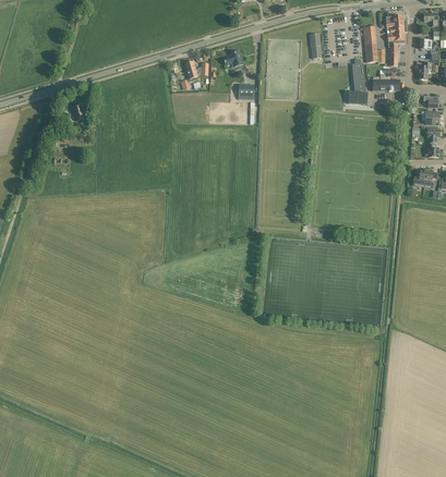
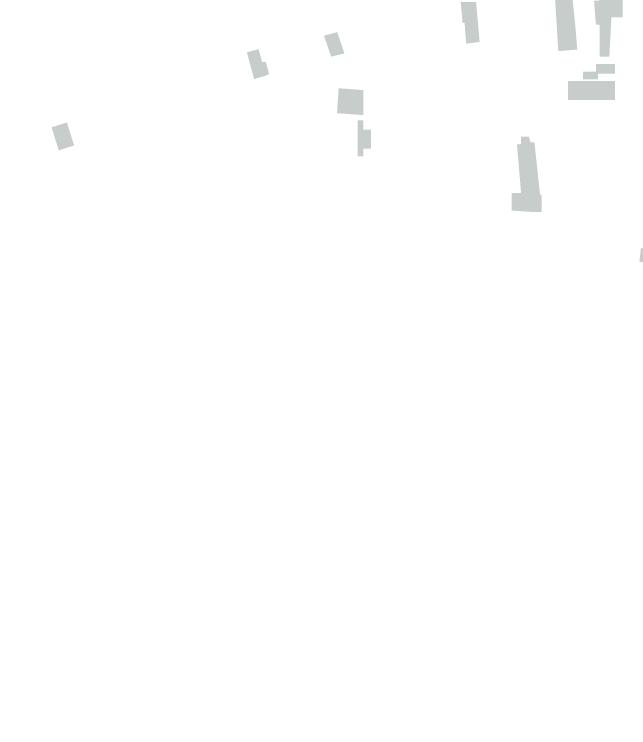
building: [349,59,367,103] -> [511,136,543,213]

